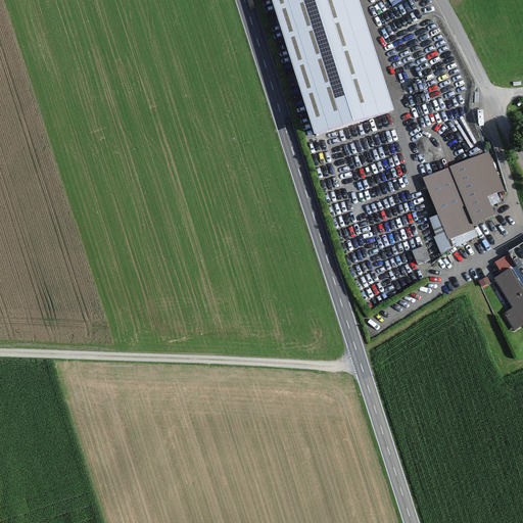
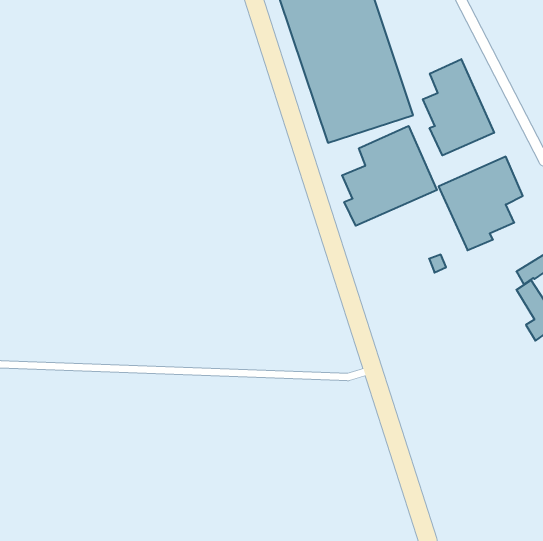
building: none -> [423,59,494,155]
building: none -> [342,126,437,226]

